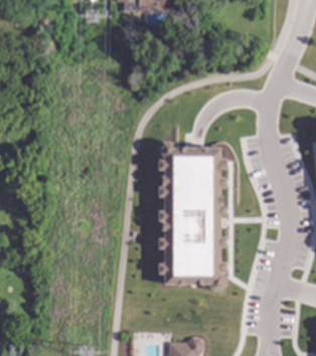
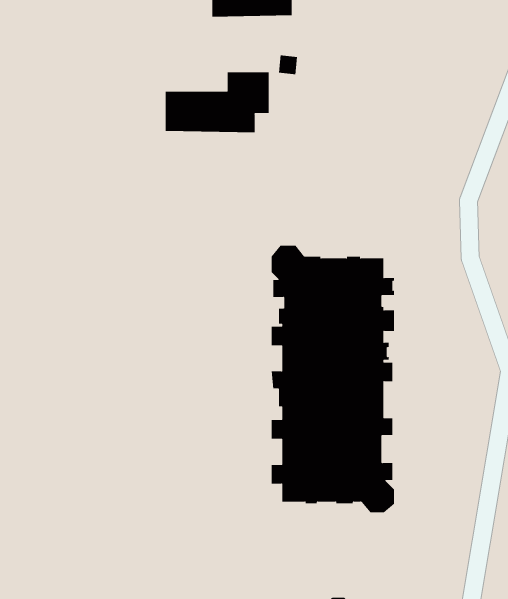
building: none -> [165,71,269,133]

